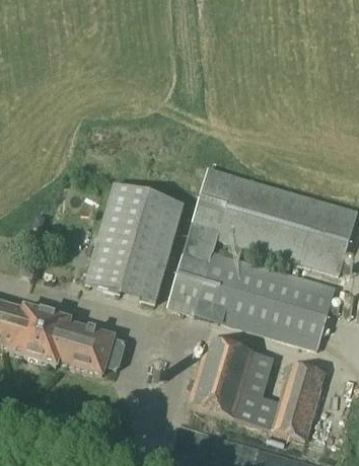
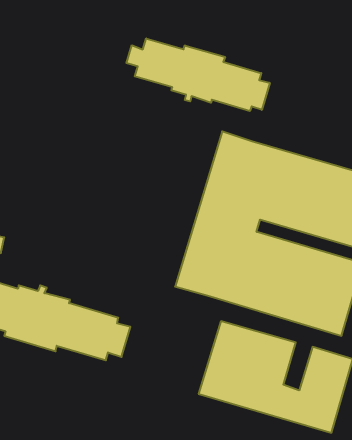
building: none -> [126,38,270,111]
building: [85,182,184,302] -> none

